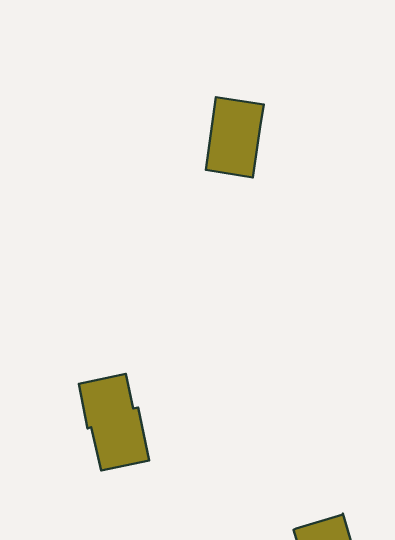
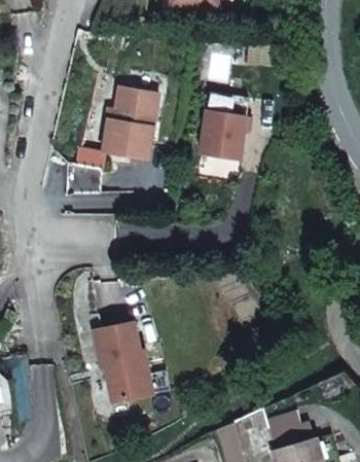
building: none -> [102,87,158,158]
building: none -> [265,413,313,451]

